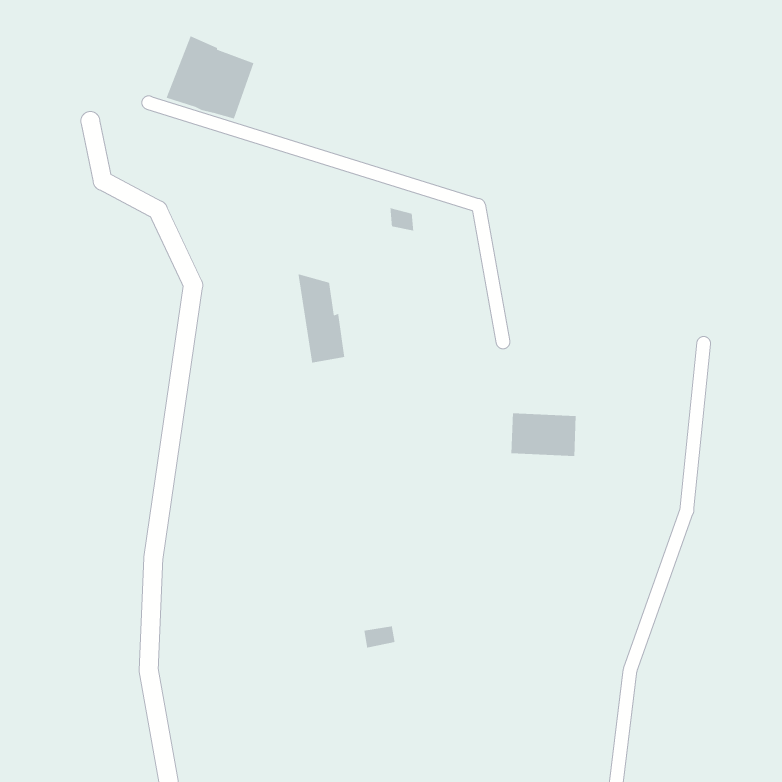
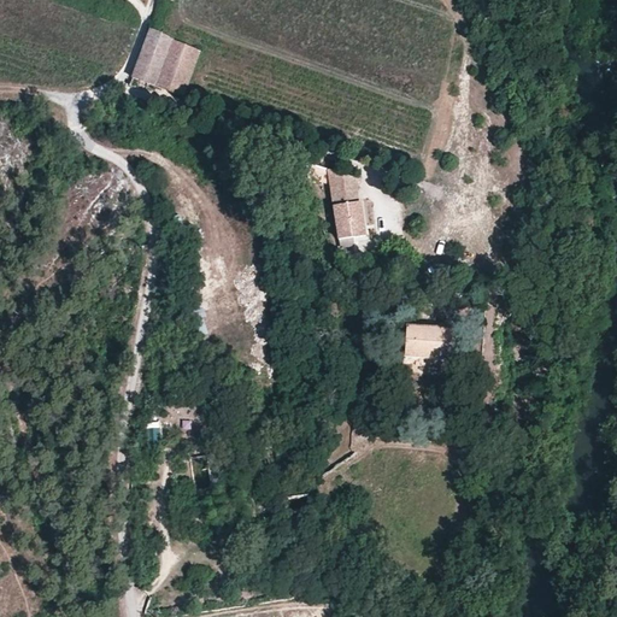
building: [298,273,345,364] -> [328,169,365,240]

